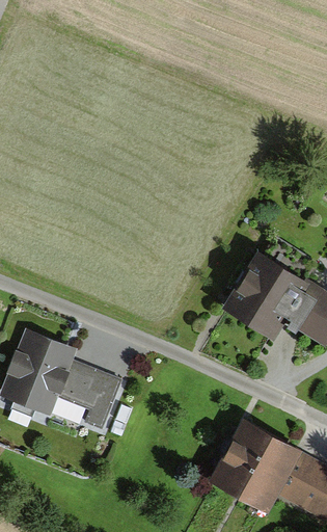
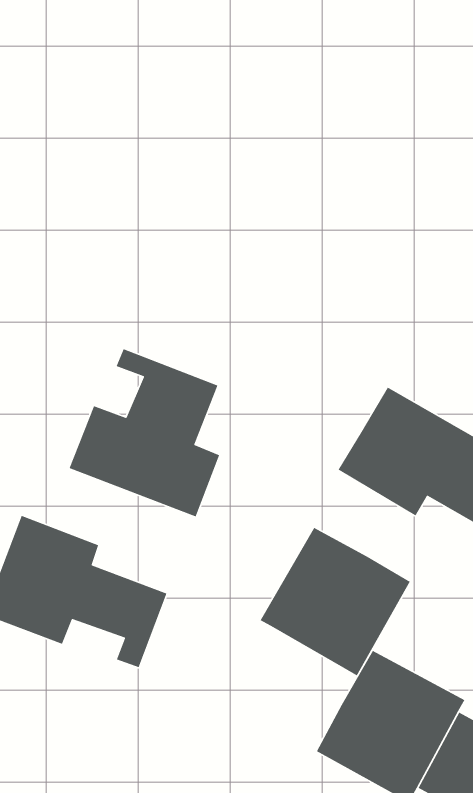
building: none -> [69,348,220,517]
building: none -> [259,527,411,676]

